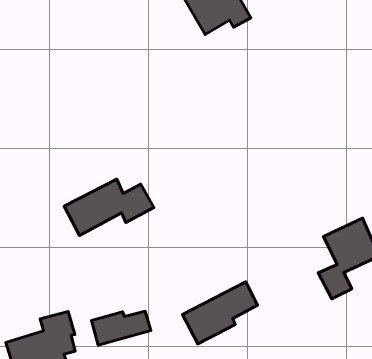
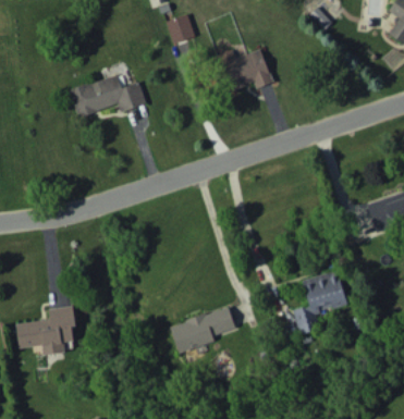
building: [64,179,154,236] -> [70,74,146,116]
building: [91,311,151,345] -> none

